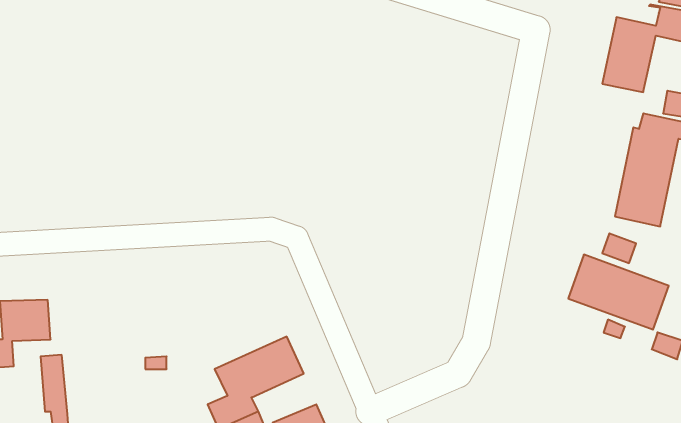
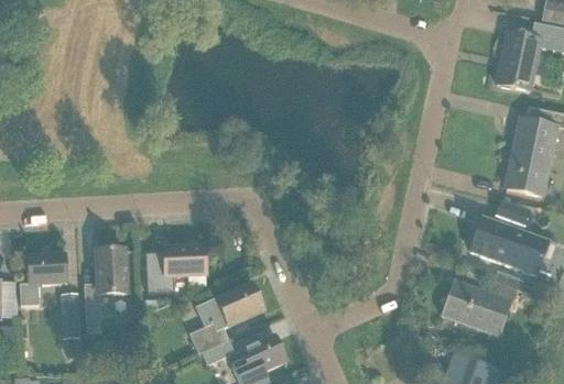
building: none -> [150,245,206,290]
building: none -> [85,249,127,331]
building: none -> [442,279,516,336]

